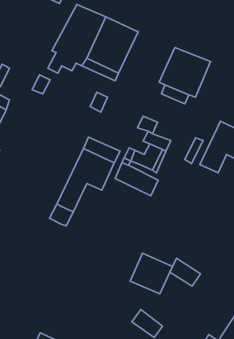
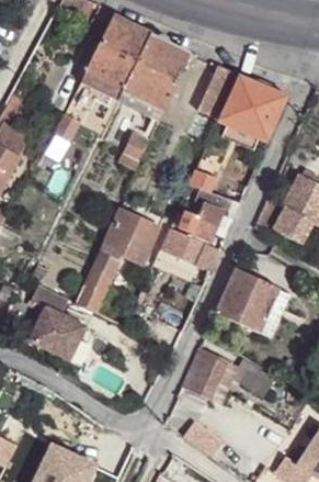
building: none -> [198,67,240,122]
building: none -> [215,268,289,337]
building: none -> [29,284,86,359]

